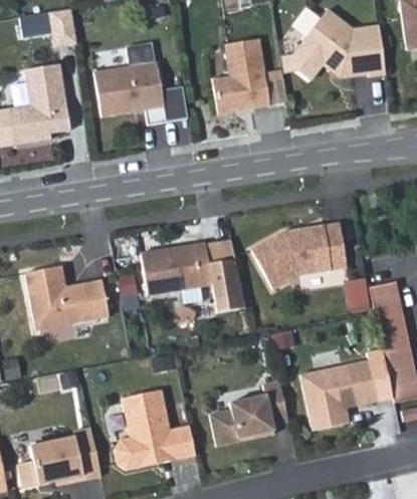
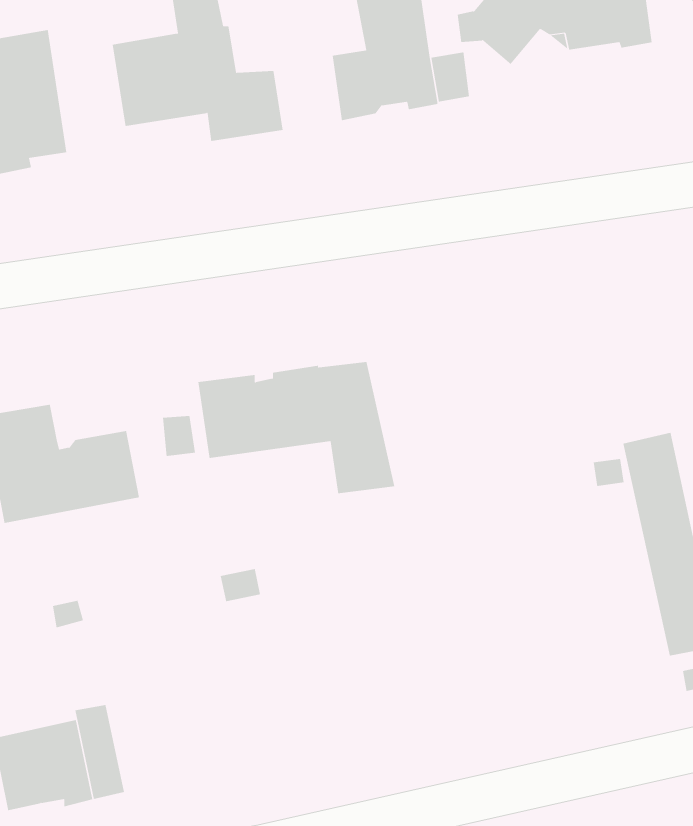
building: [251,222,348,289] -> none
building: [300,358,379,430] -> none
building: [210,381,289,446] -> none
building: [115,390,196,469] -> none

